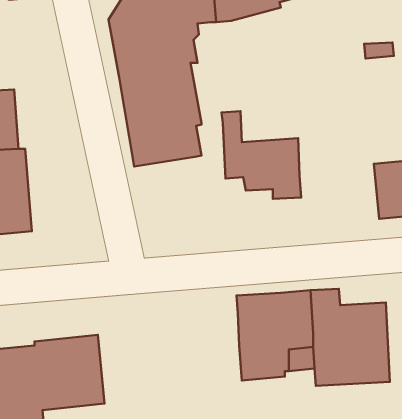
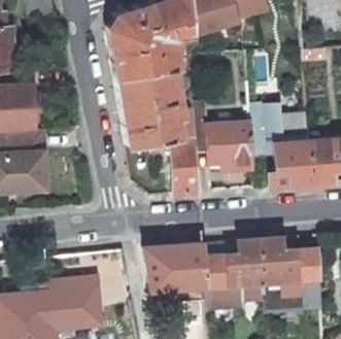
building: none -> [250,109,313,188]
building: none -> [172,111,199,195]
building: none -> [144,243,206,291]

